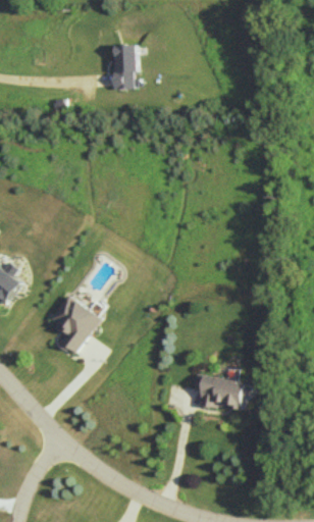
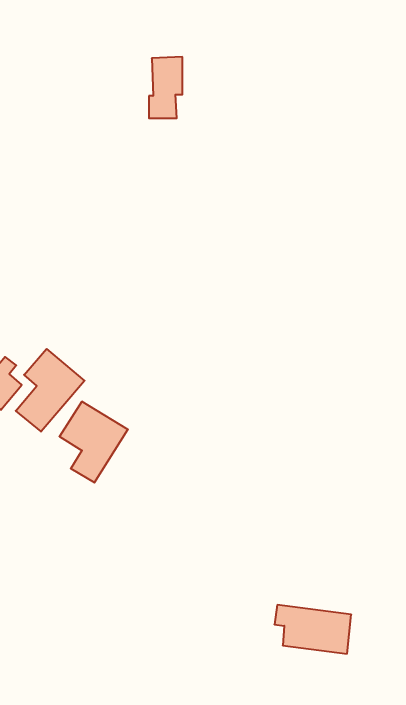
building: none -> [16,349,85,432]
building: [192,375,248,411] -> [274,605,351,654]

